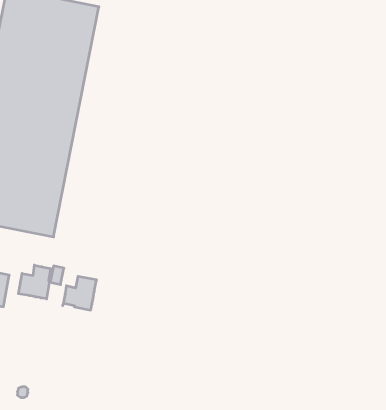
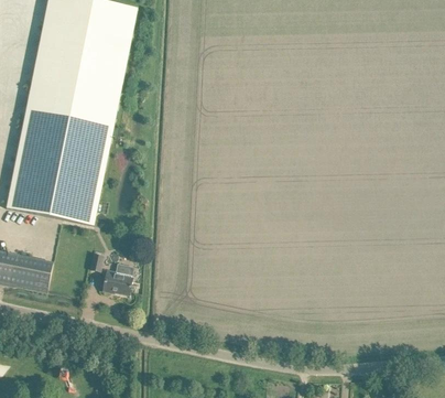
building: [18,265,53,299] -> none

